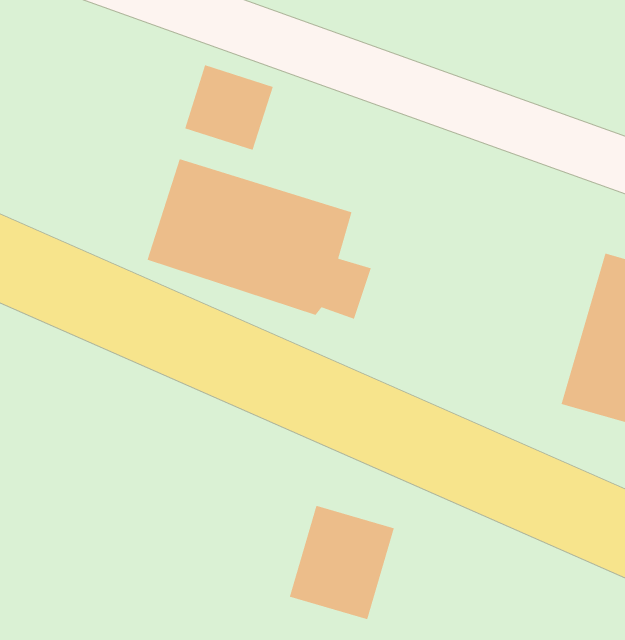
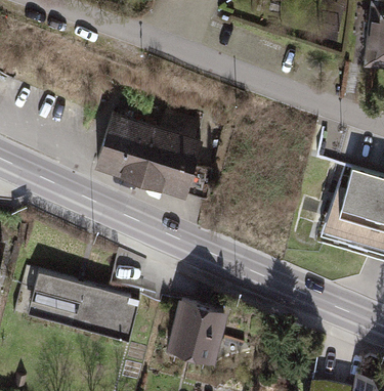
building: [184,64,274,151] -> none
building: none -> [27,284,121,338]

